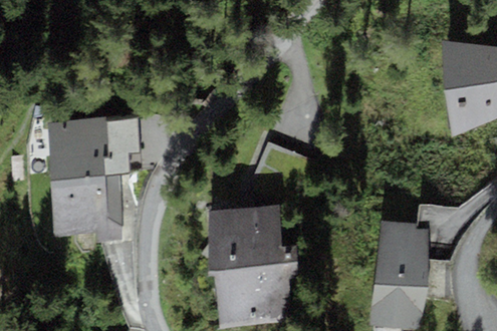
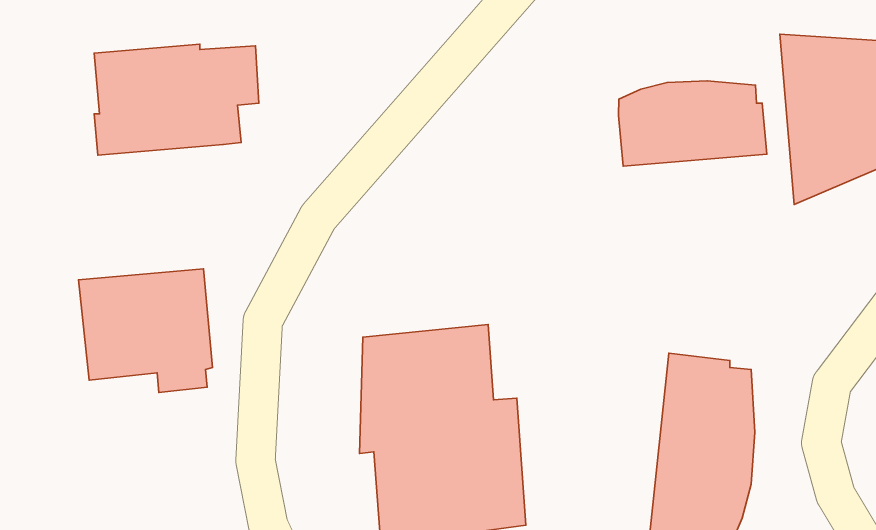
building: none -> [618,81,767,166]
building: [47,117,140,180] -> [94,44,259,155]

